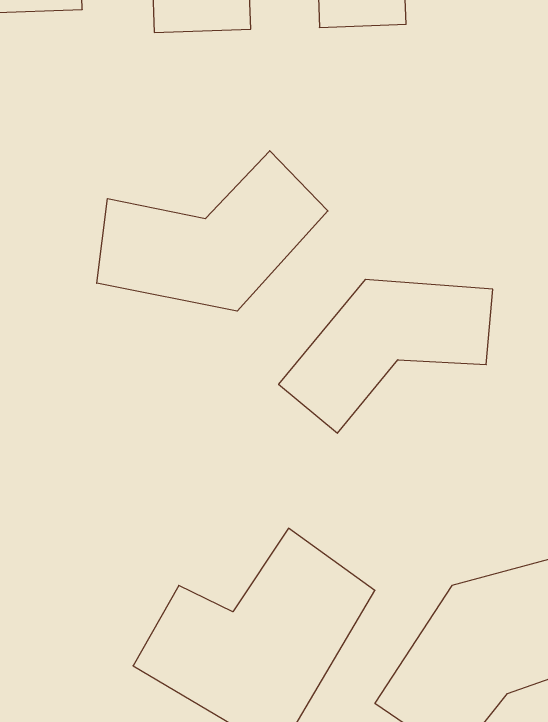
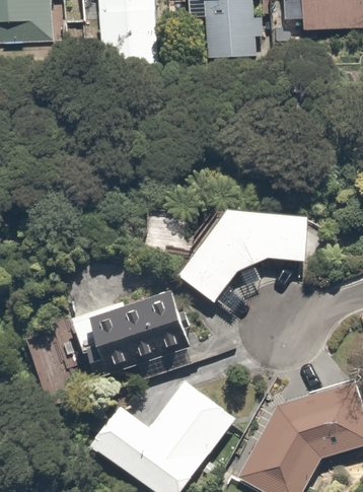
building: [97,151,328,311] -> none
building: none -> [71,291,190,373]

